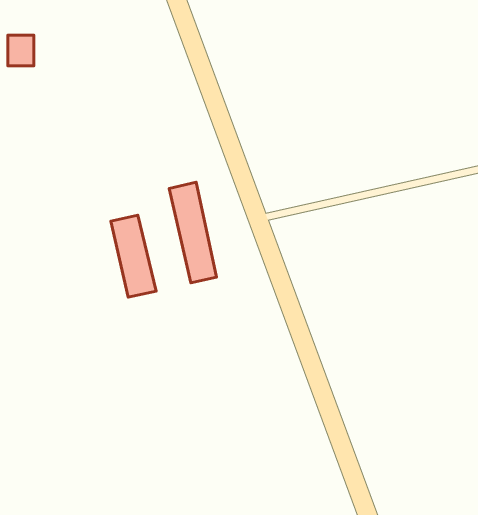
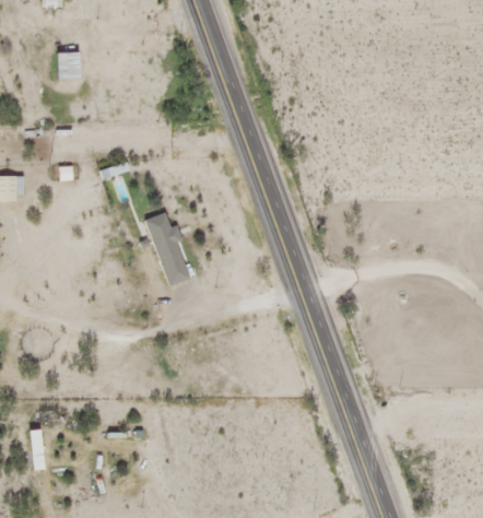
building: [169,182,216,283] -> none

